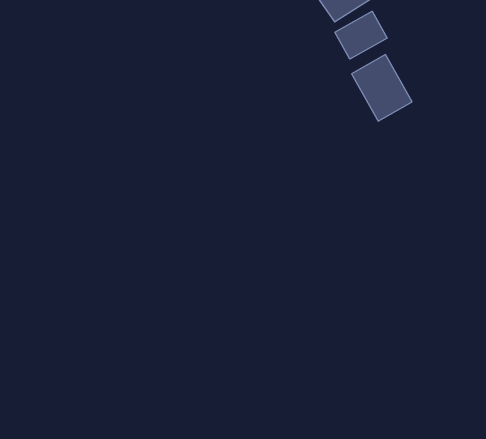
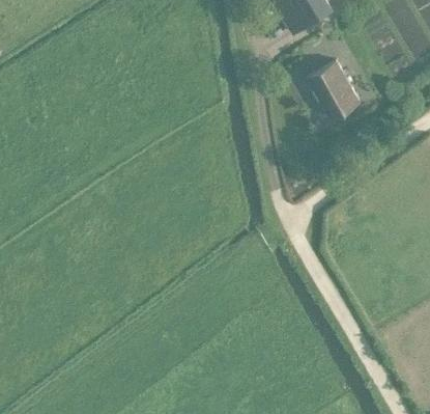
building: [335,11,387,59] -> none

